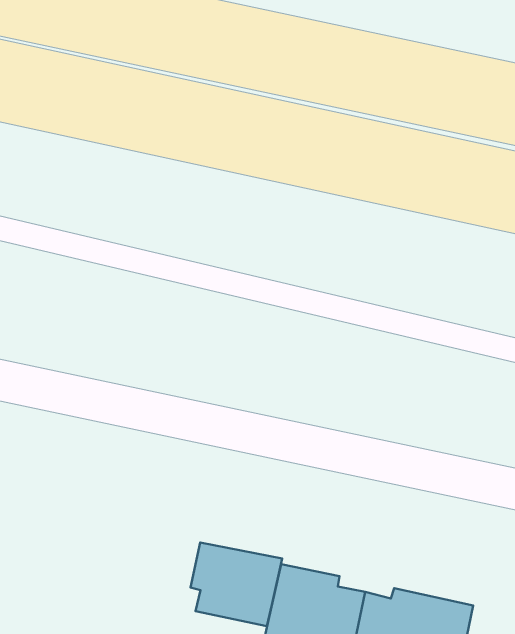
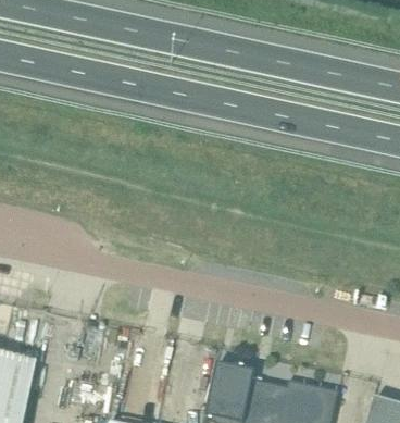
building: [191,542,282,626] -> none

